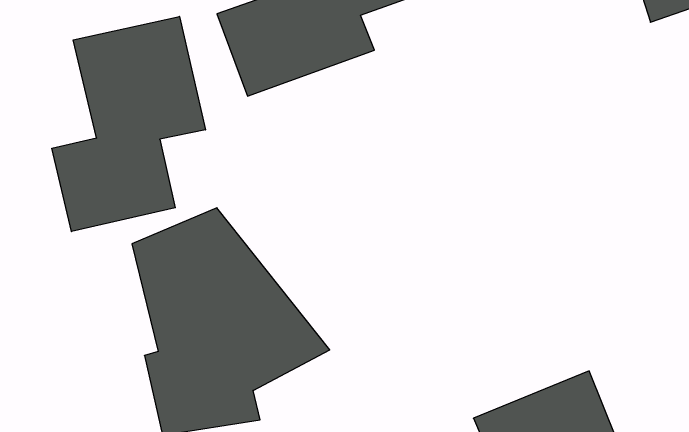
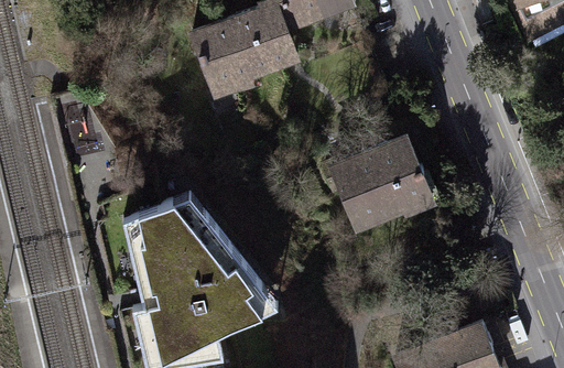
building: [52,16,205,232] -> none
building: none -> [325,129,435,232]

